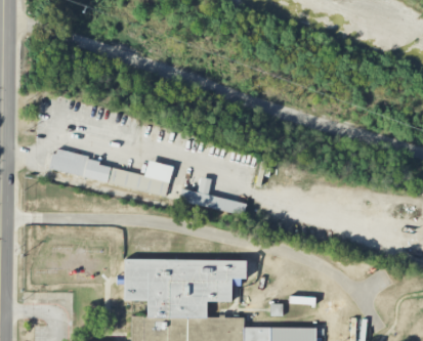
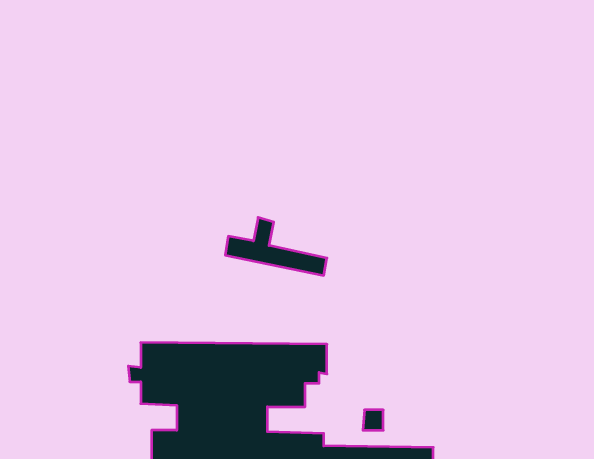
building: [49,154,172,195] -> none

